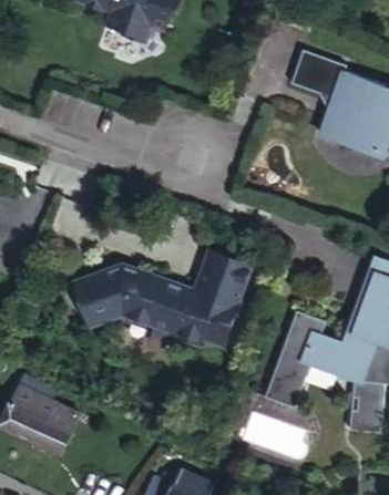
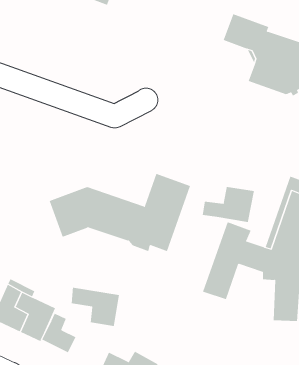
building: none -> [202,186,254,223]
building: none -> [71,287,119,327]
building: none -> [42,313,76,353]

